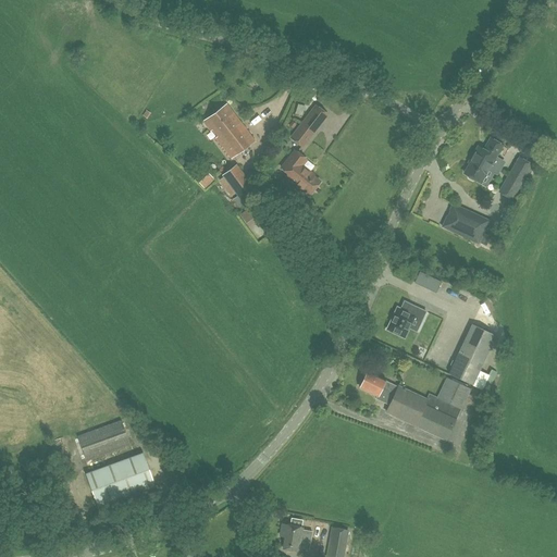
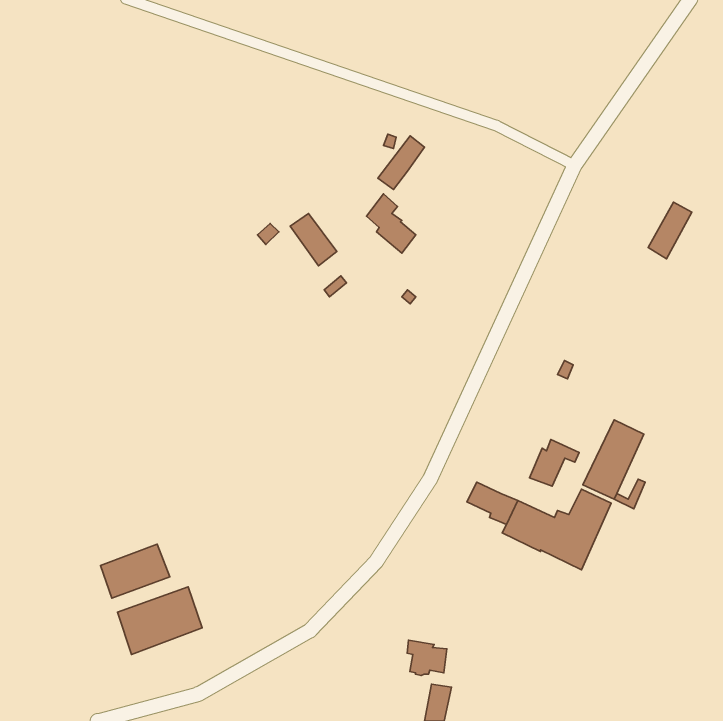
building: [203,103,253,157] -> none
building: [465,138,506,182] -> none
building: [442,202,488,243] -> none
building: [384,298,422,334] -> [529,440,579,486]
building: [281,523,311,550] -> [407,640,447,676]

